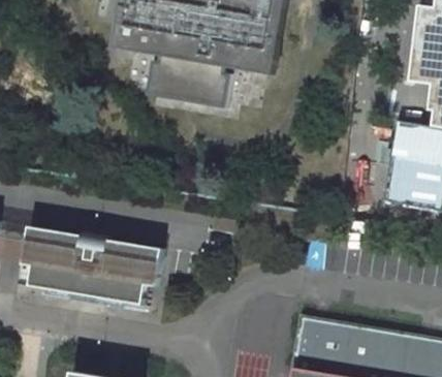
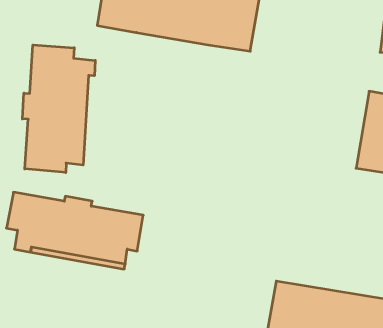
building: [150,59,233,111] -> none
building: none -> [22,45,95,173]

